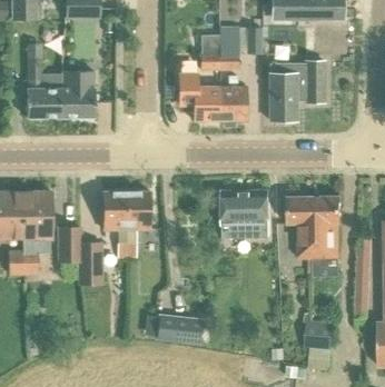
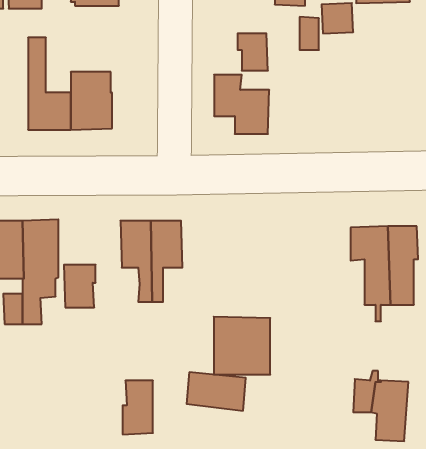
building: [220,27,239,70] -> none
building: [270,60,325,119] -> none
building: [221,76,247,126] -> none
building: [224,189,269,236] -> [214,317,270,375]
building: [78,241,102,285] -> [123,381,153,434]

